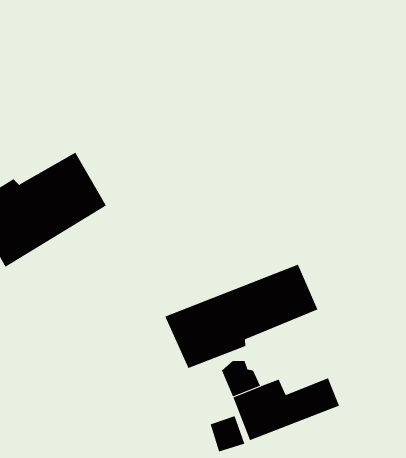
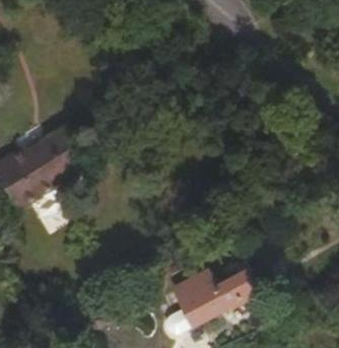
building: [165,264,318,369] -> none

